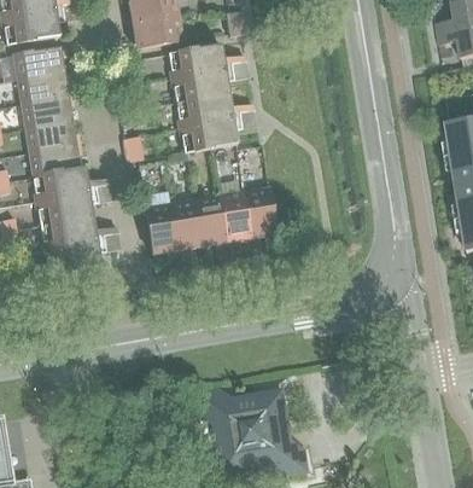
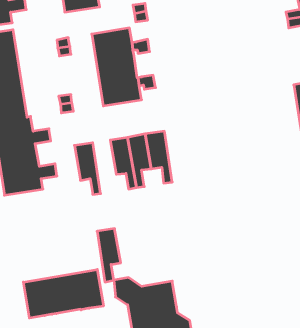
building: [129,14,181,47] -> none
building: [168,198,200,272] -> [97,229,121,282]
building: none -> [23,269,103,318]

